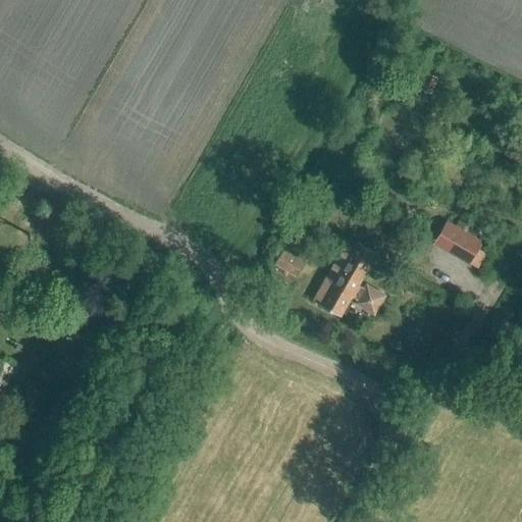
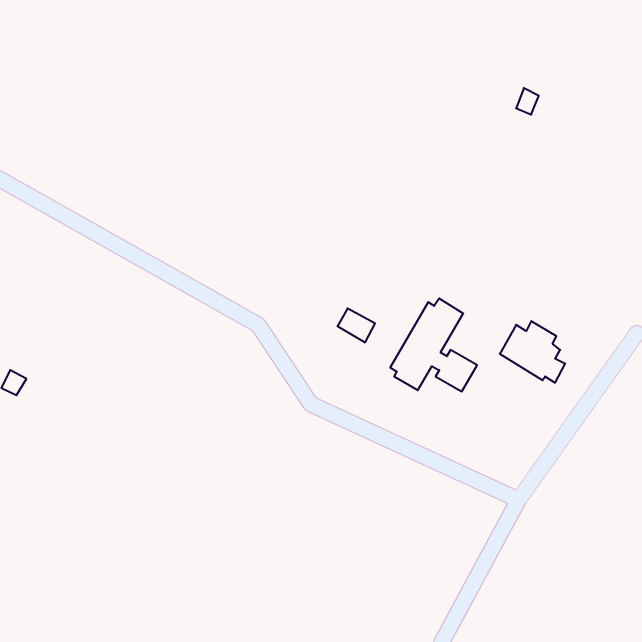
building: [432,219,485,269] -> [500,321,565,383]

